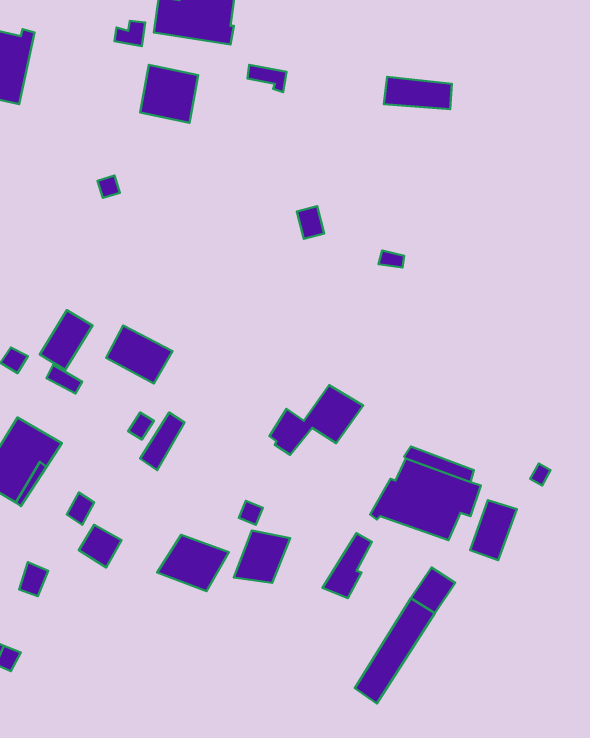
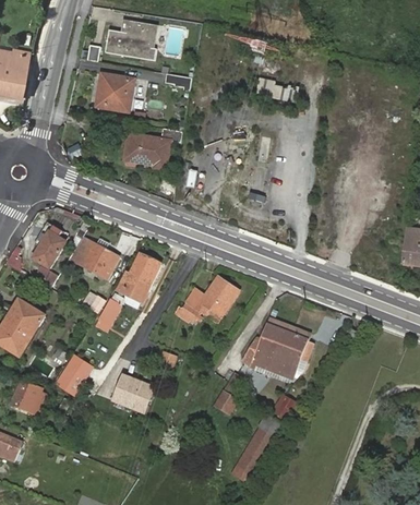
building: none -> [127,128,182,168]
building: none -> [118,254,161,300]
building: [470,500,517,560] -> none
building: [234,531,290,583] -> none

